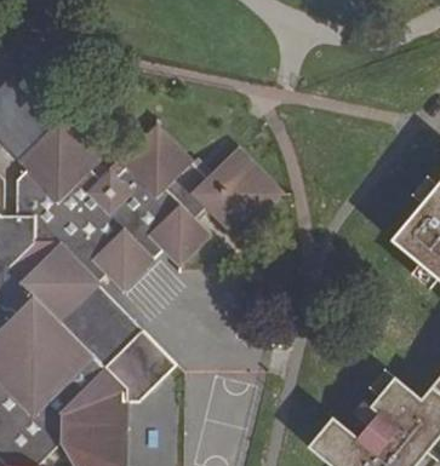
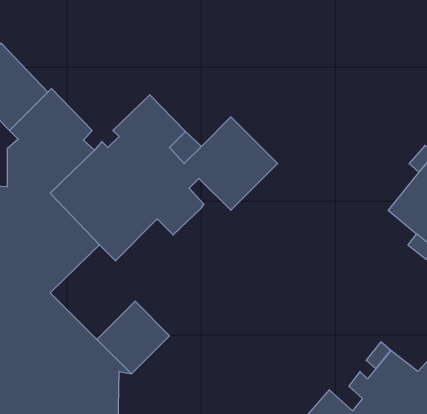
building: [58,283,142,367] -> none

